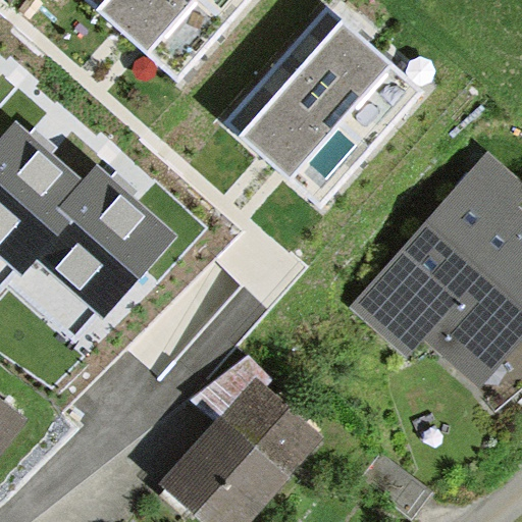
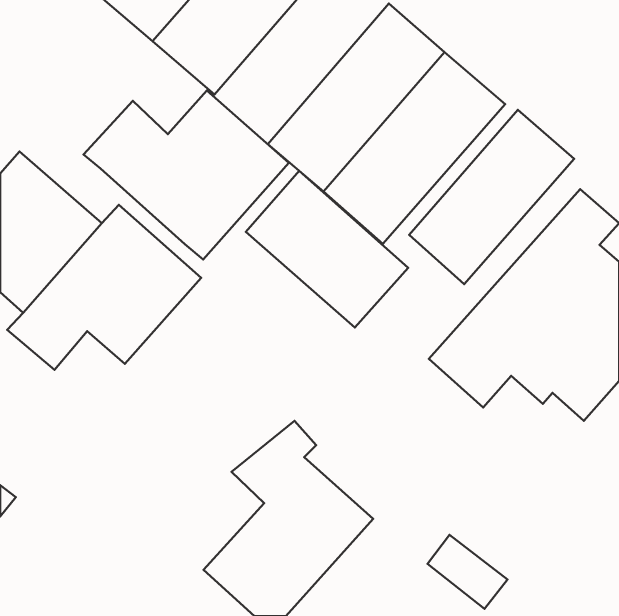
building: none -> [84,91,289,259]
building: none -> [409,110,574,284]
building: none -> [246,171,408,328]

